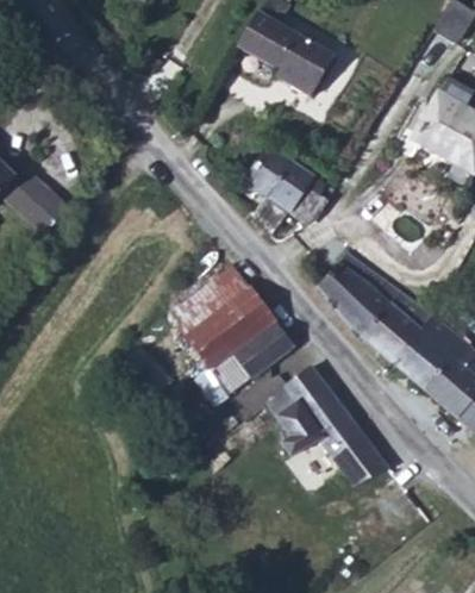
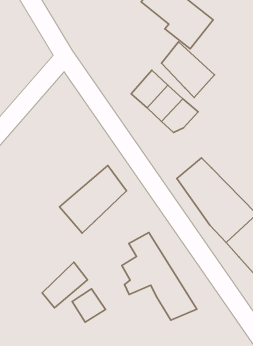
building: none -> [161,42,215,97]
building: [218,314,280,382] -> [42,262,88,308]
building: none -> [72,289,105,322]

